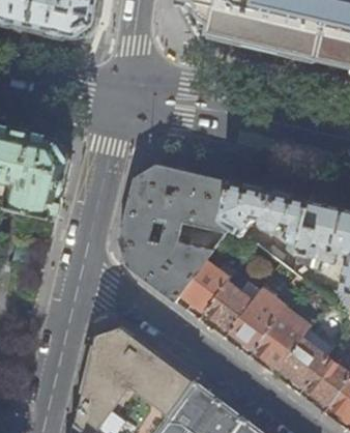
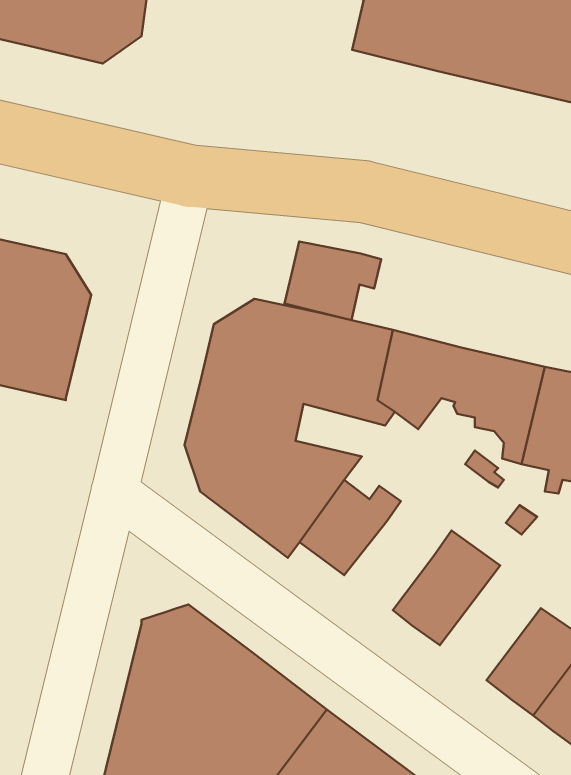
building: none -> [284,242,381,320]
building: [202,283,250,330] -> none
building: [253,302,314,368] -> none

